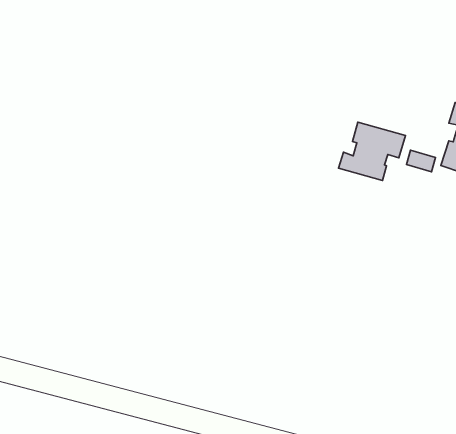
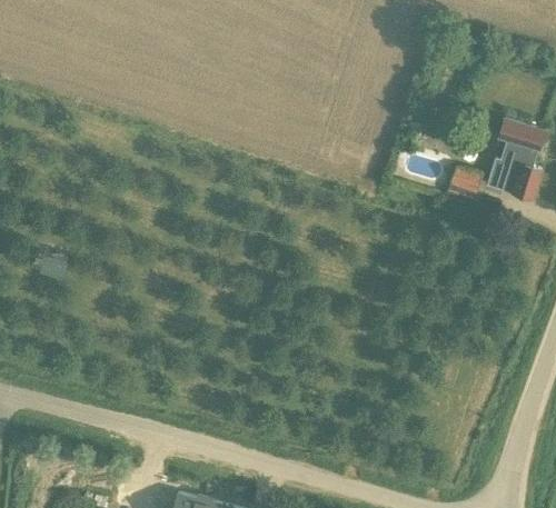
building: [338,122,405,181] -> none

